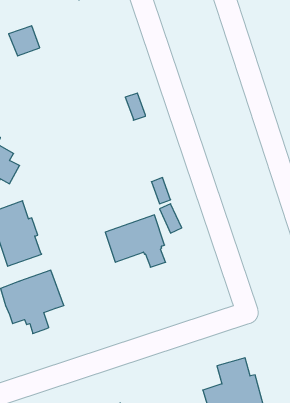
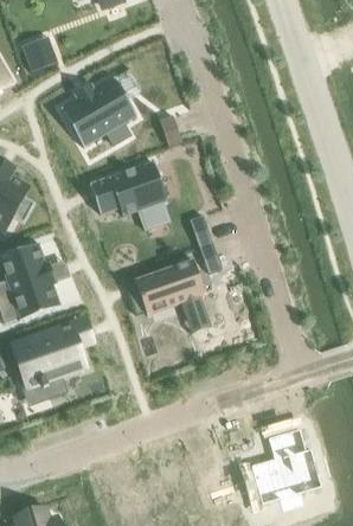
building: none -> [60,76,136,143]
building: none -> [90,161,169,230]

